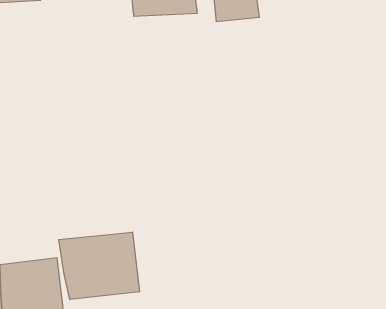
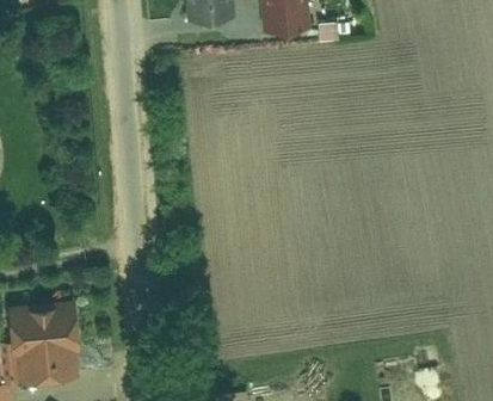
building: [59,232,140,300] -> none

